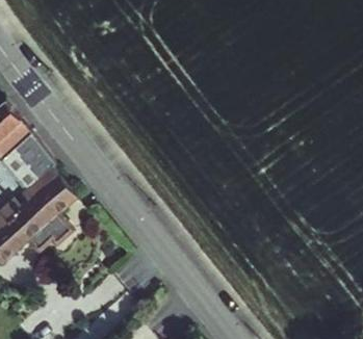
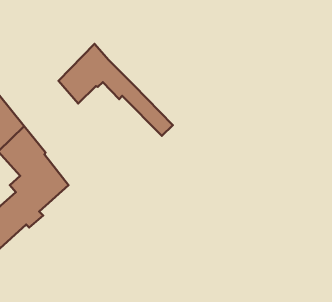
building: none -> [58,44,173,136]

